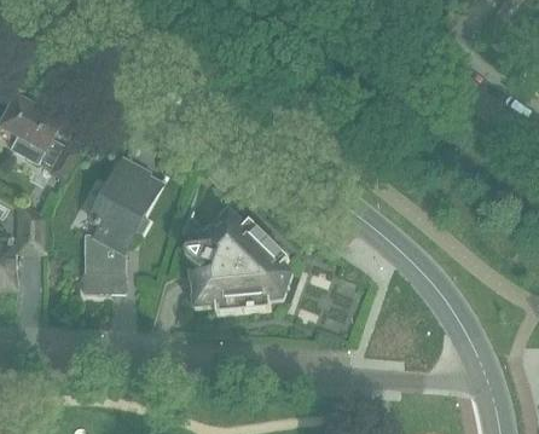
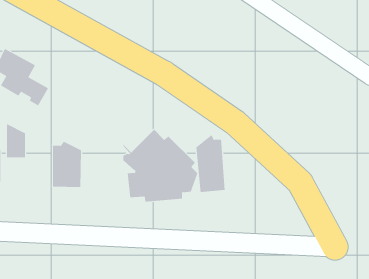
building: [87,160,163,241] -> none
building: none -> [196,134,225,193]

